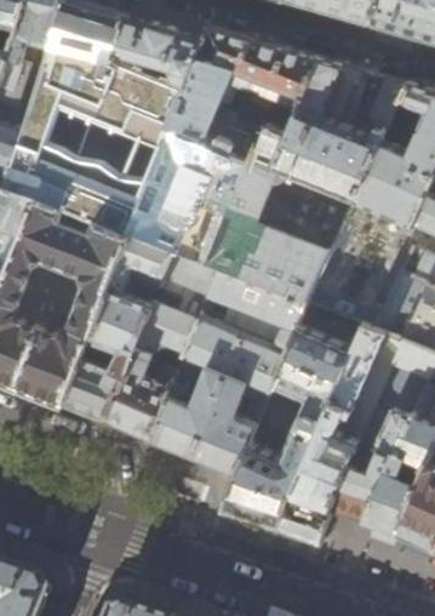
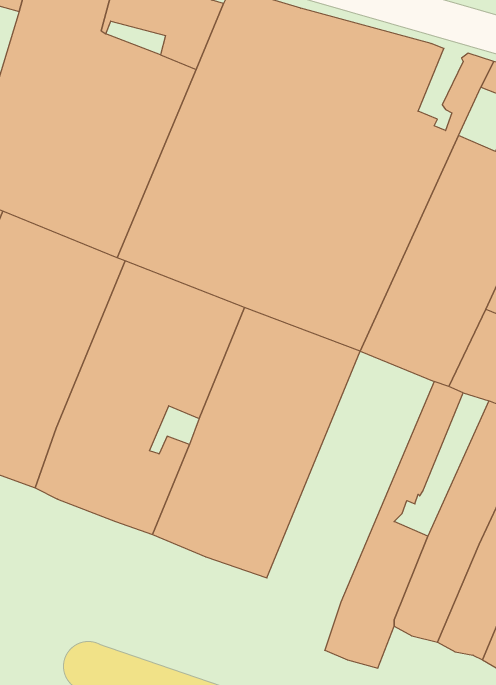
building: [227,304,365,530] -> none

